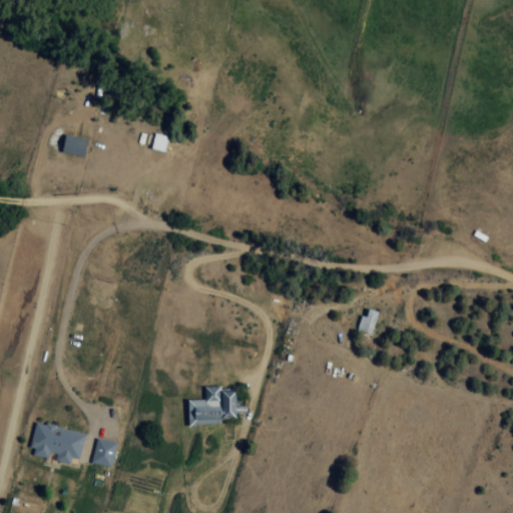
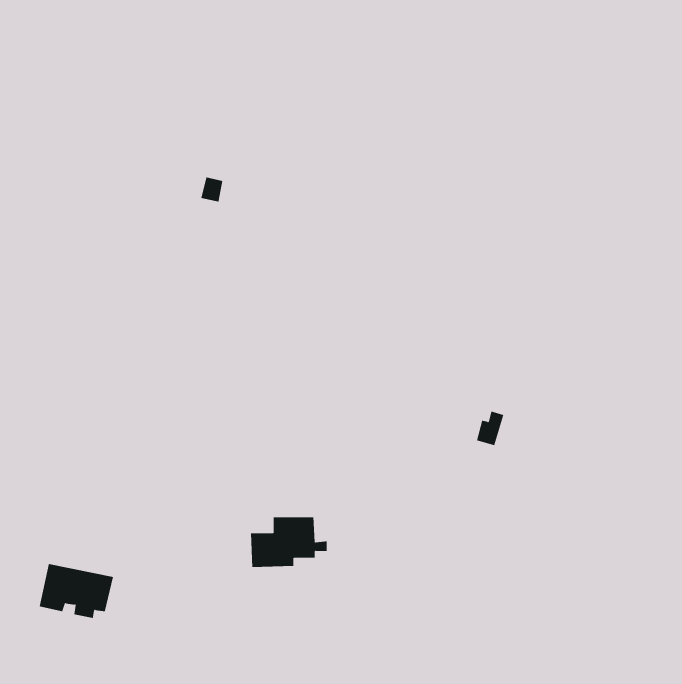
building: [62,133,89,157] -> none
building: [91,438,117,467] -> none

